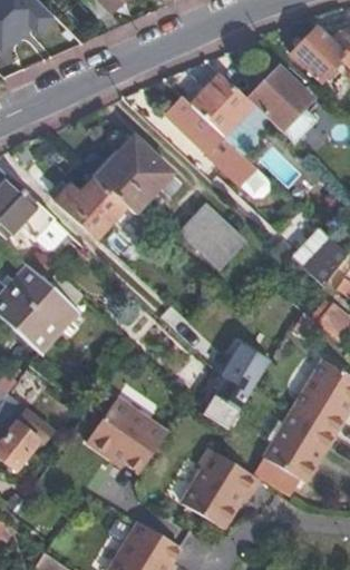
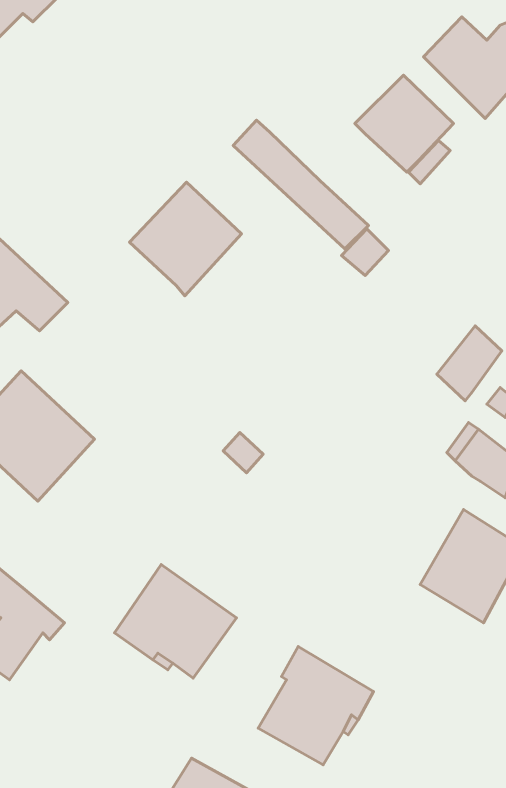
building: [191,75,254,138] -> none
building: [58,179,128,240] -> none
building: [179,204,246,269] -> none
building: [203,347,268,430] -> none
building: [262,407,333,482] -> none

